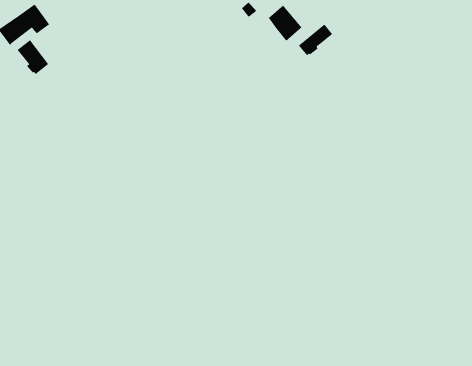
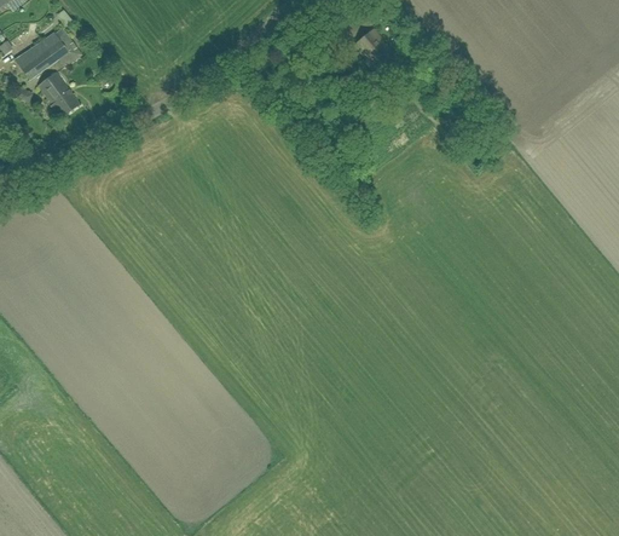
building: [298,23,333,56] -> none

